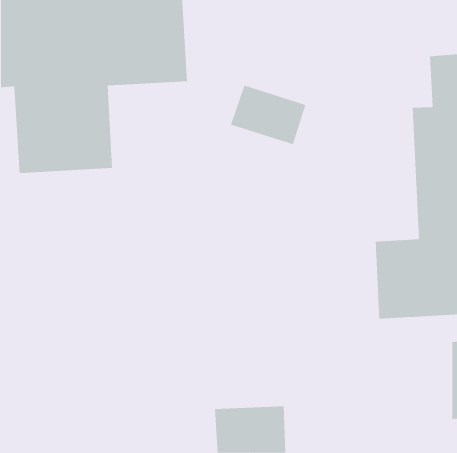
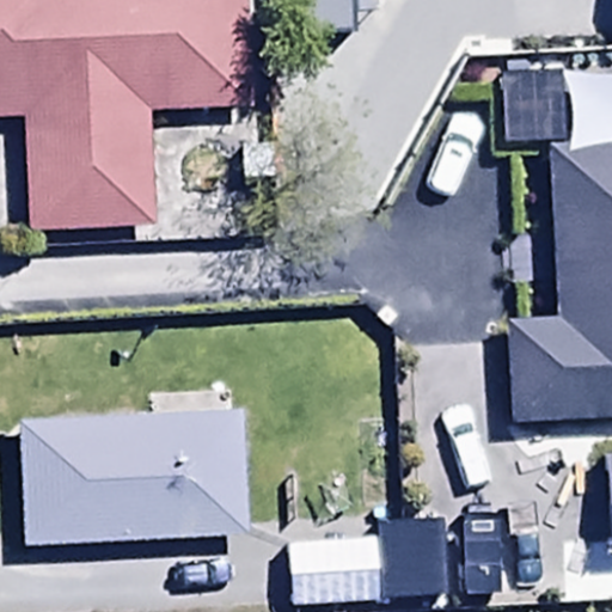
building: none -> [19,412,250,541]

